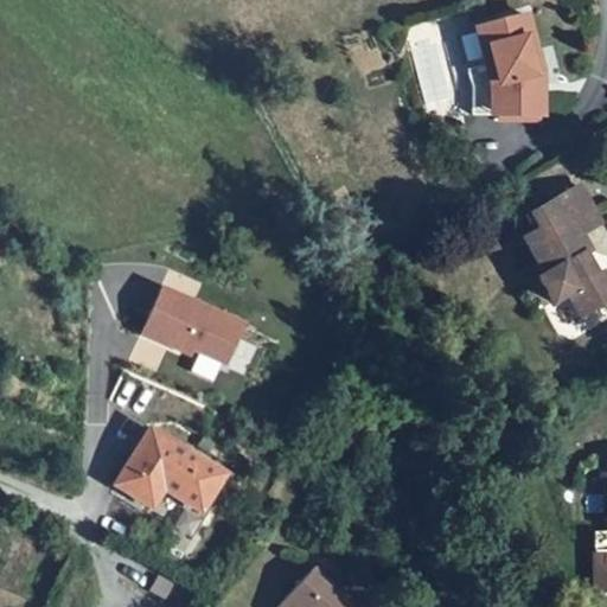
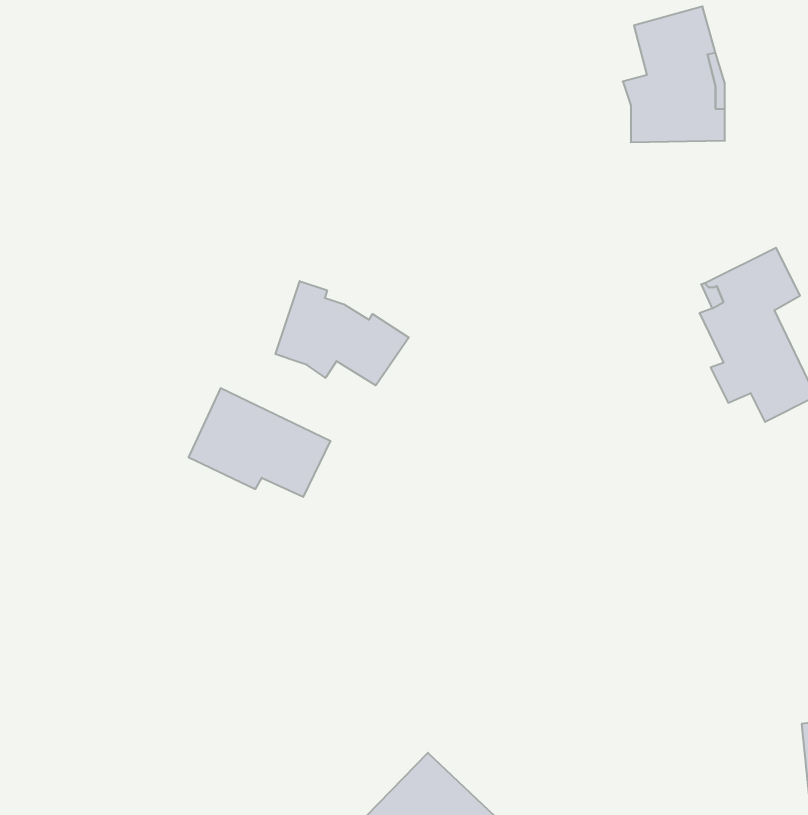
building: none -> [276,281,409,385]
building: [119,429,228,507] -> none

